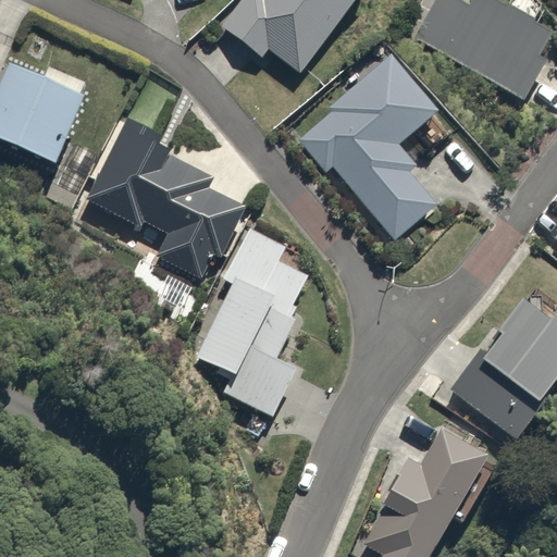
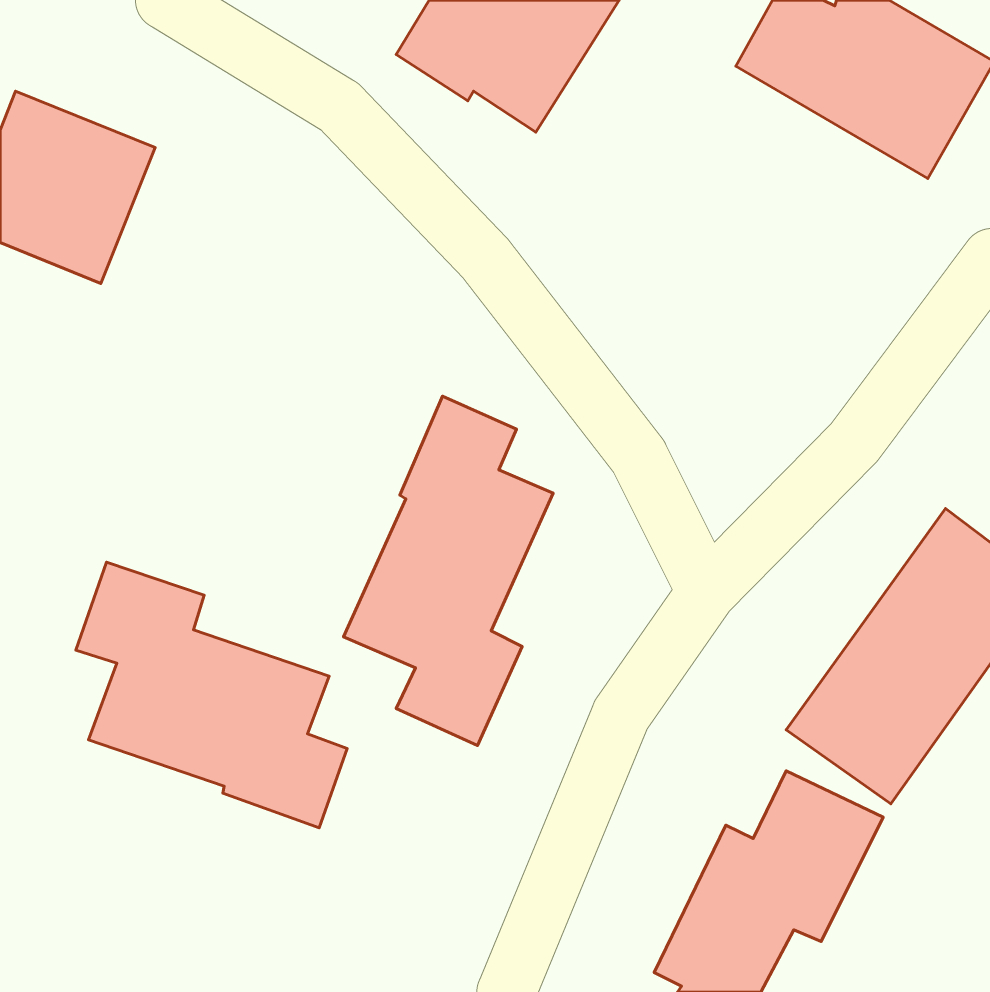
building: [299,53,440,234] -> none
building: [89,119,248,281] -> none
building: none -> [76,562,347,828]

